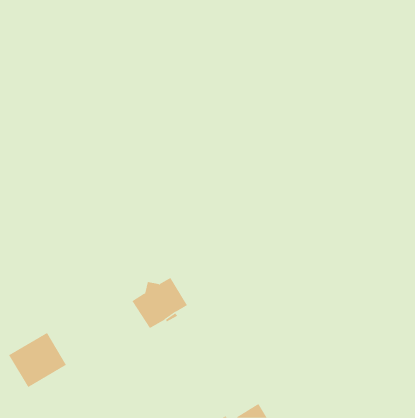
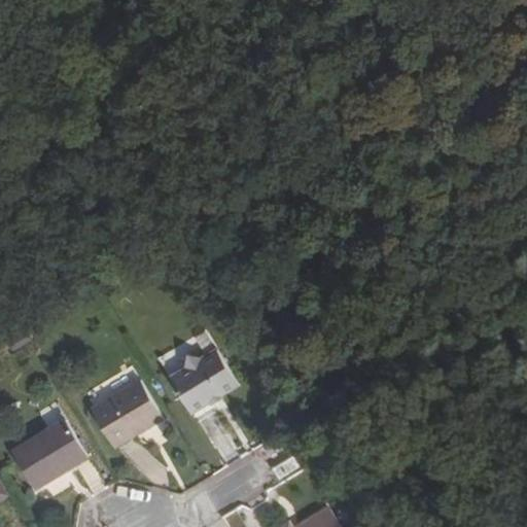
building: none -> [90,378,161,447]

